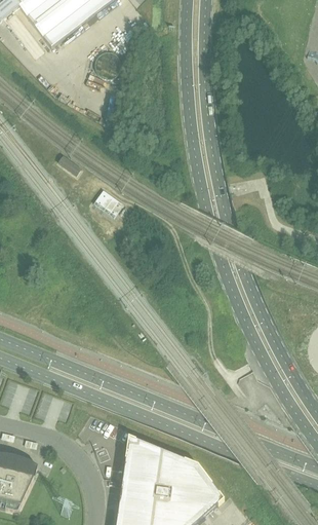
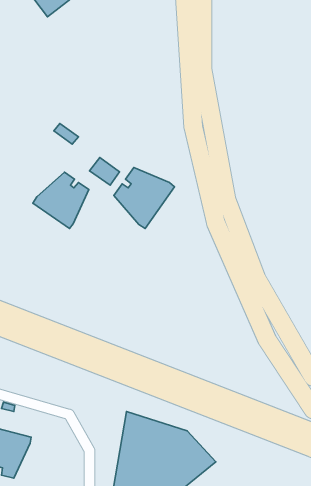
building: none -> [114,168,174,228]
building: none -> [33,172,89,229]

